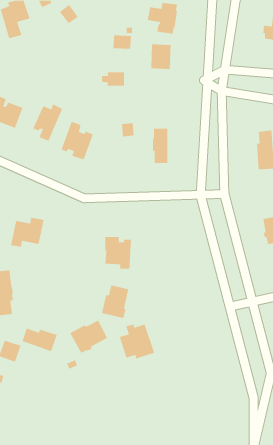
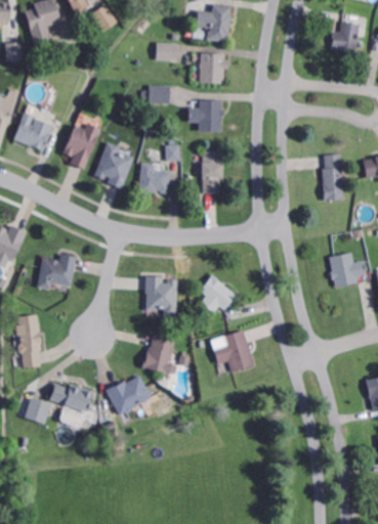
building: none -> [188,99,224,131]
building: none -> [136,163,170,193]
building: none -> [196,273,236,316]
building: [119,323,155,359] -> [213,330,255,372]
building: none -> [57,402,99,428]

